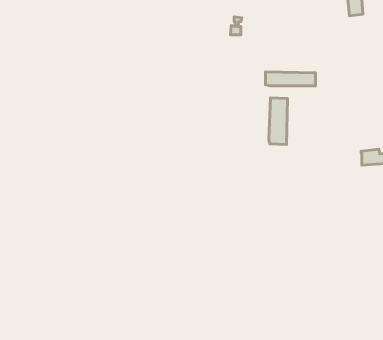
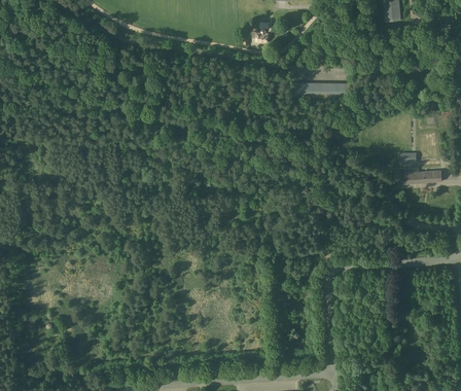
building: [269,98,287,144] -> none

